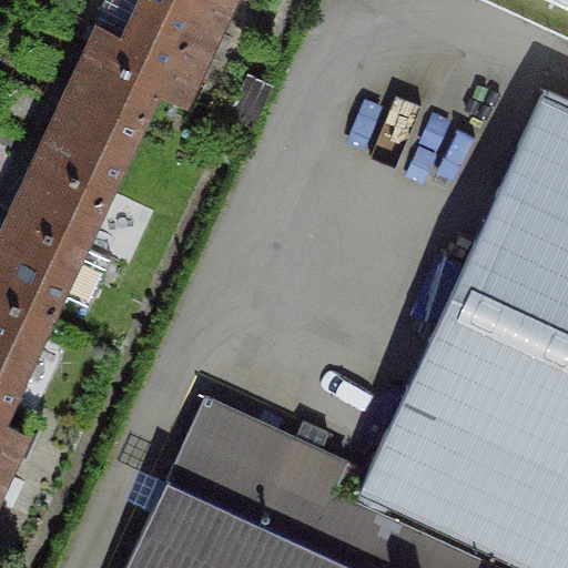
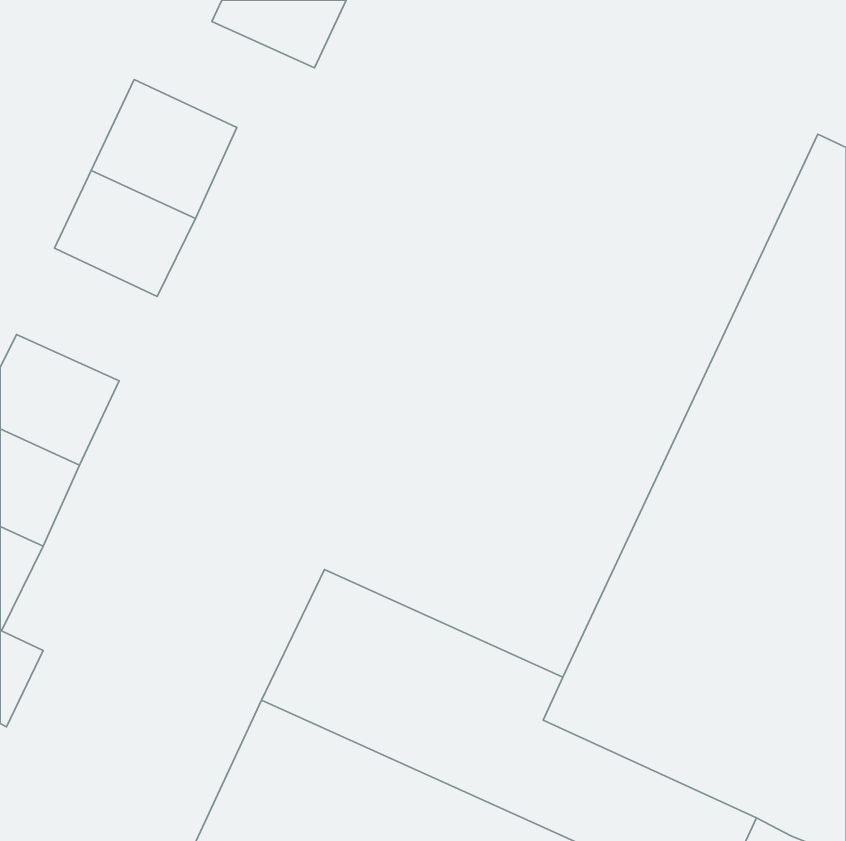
building: [90,18,211,101] -> none
building: [11,170,105,258] -> none

